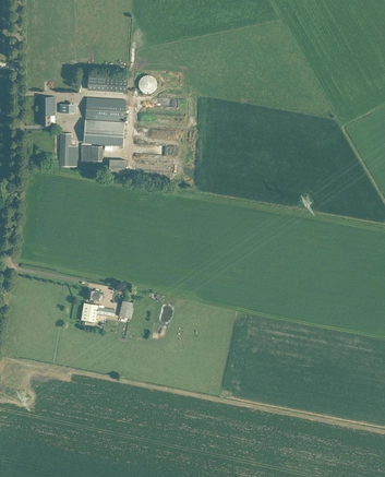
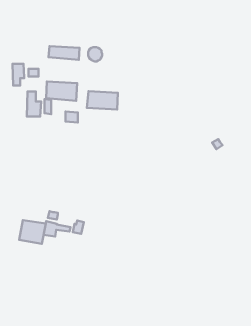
building: [85,97,125,121] -> [87,91,118,110]
building: none -> [19,220,46,244]

